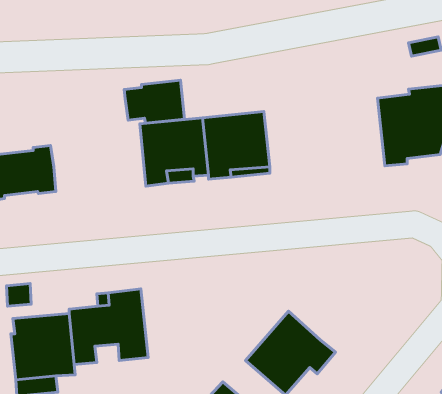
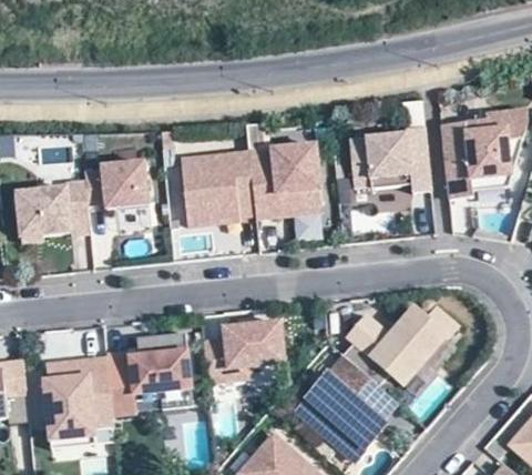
building: [124,80,185,123] -> [85,158,151,204]
building: none -> [348,124,430,190]
building: none -> [342,307,458,388]
building: none -> [203,322,285,383]

